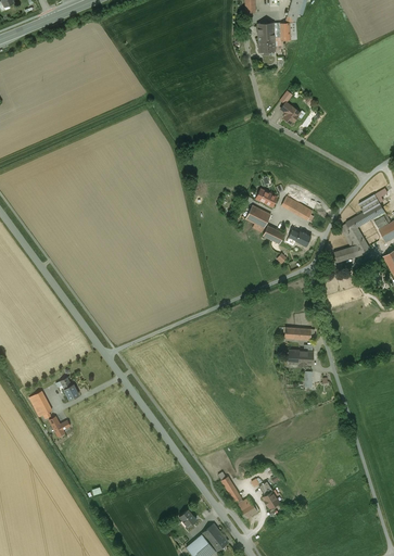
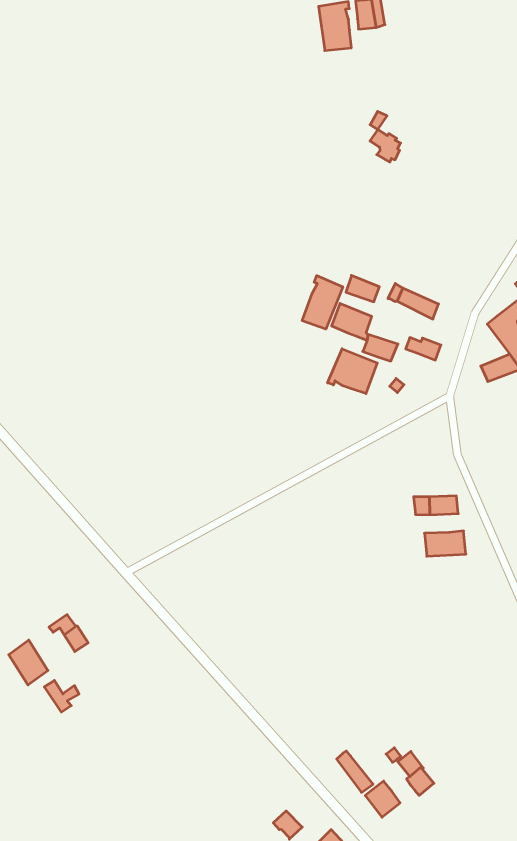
building: none -> [302,276,343,329]
building: none -> [328,349,377,394]

